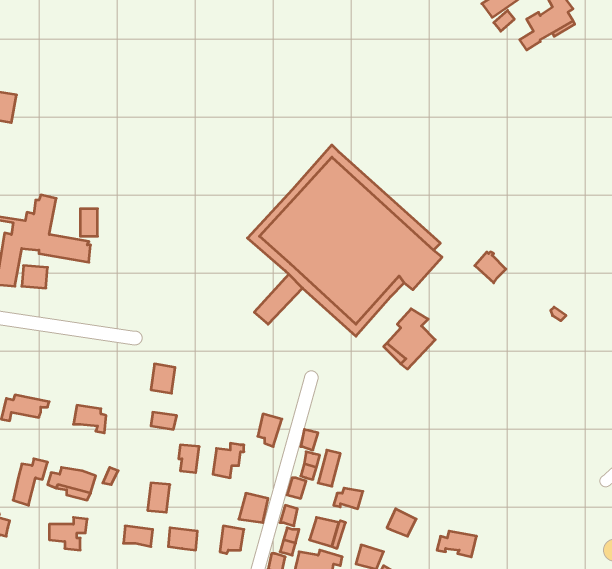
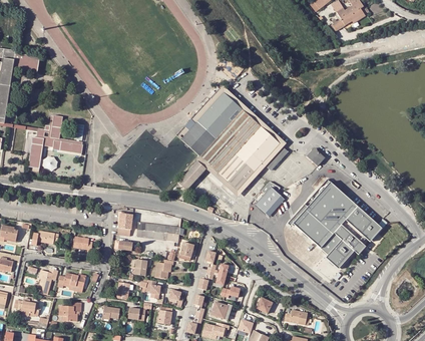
building: none -> [289,179,381,268]
building: none -> [136,222,179,242]

